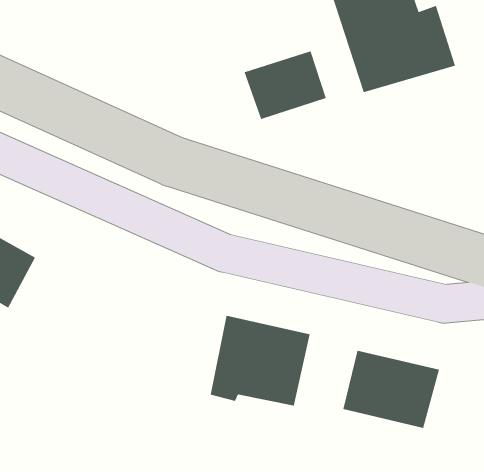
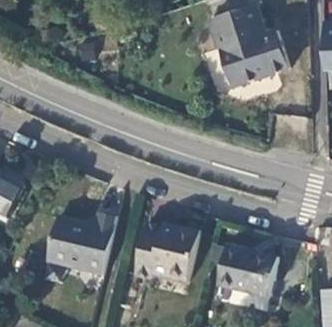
building: [244,51,327,120] -> none
building: none -> [47,211,118,275]

